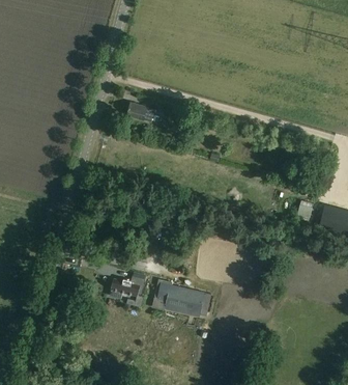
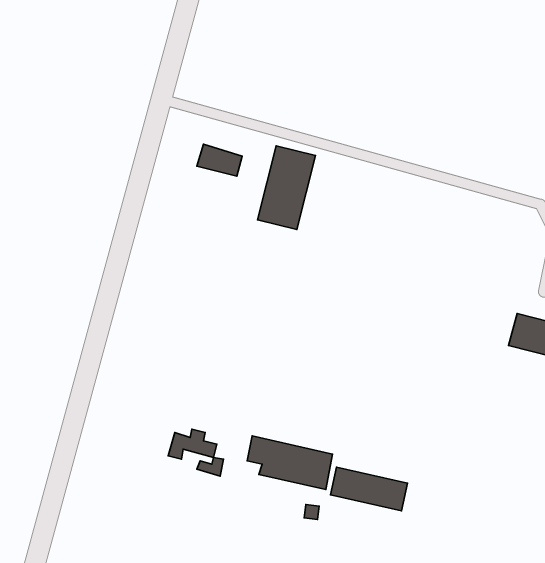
building: none -> [258,146,315,229]
building: none -> [331,467,407,511]

